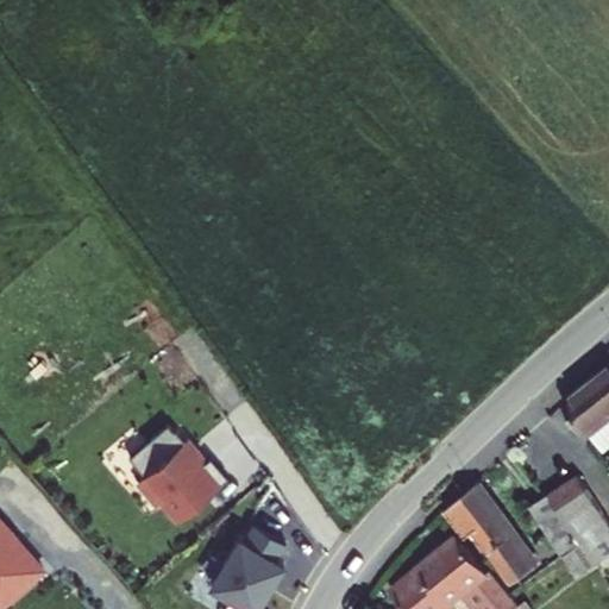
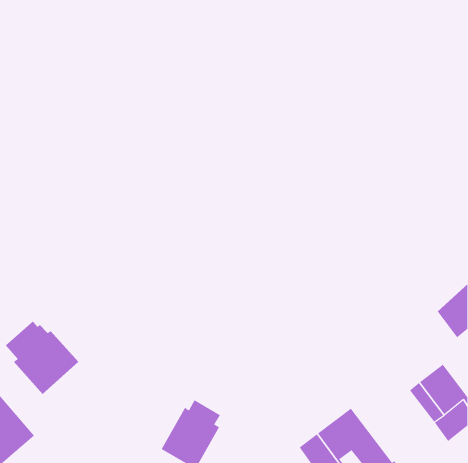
building: [127,429,224,526] -> [5,321,79,395]
building: [451,488,540,585] -> none

